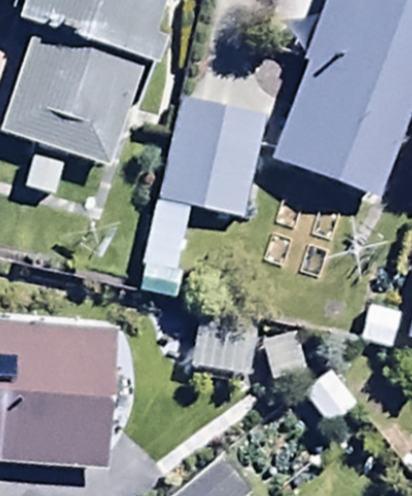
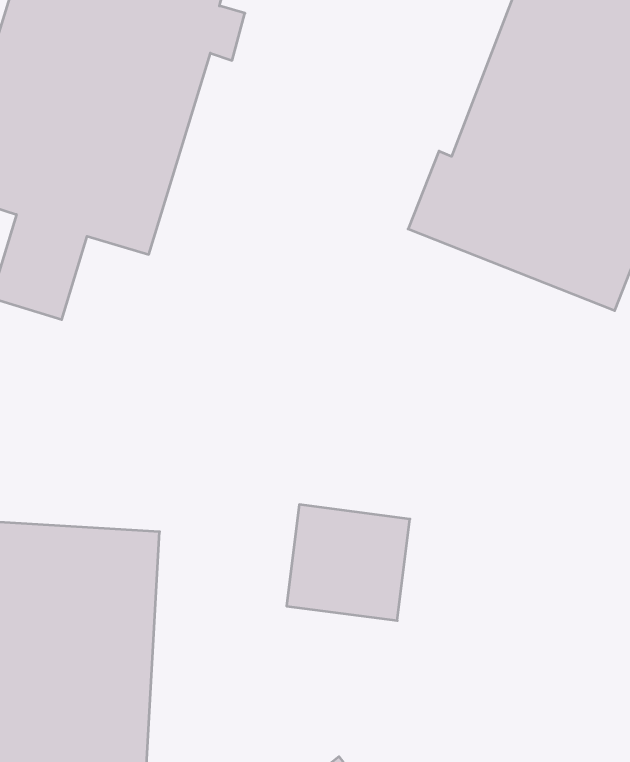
building: [143,92,268,272] -> none

